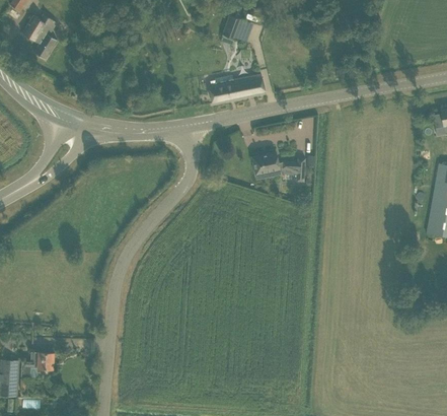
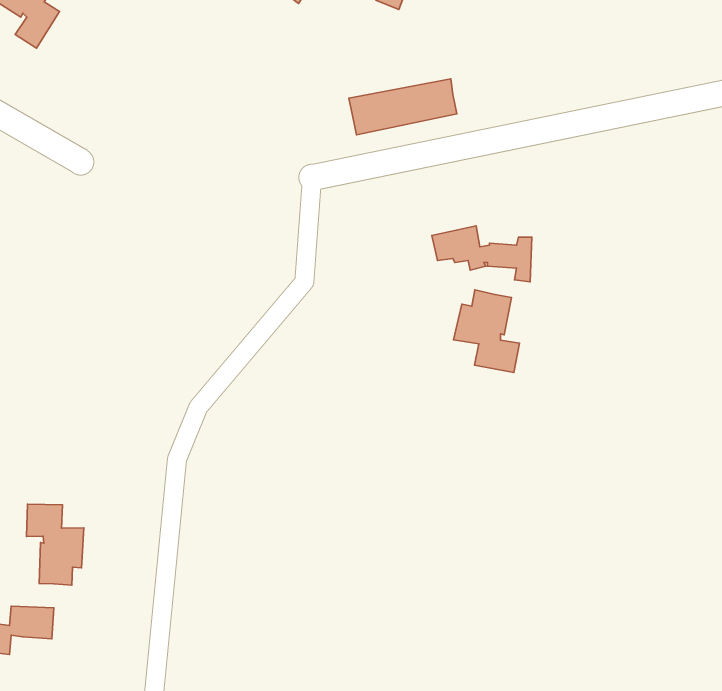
building: none -> [453,290,519,372]
building: none -> [26,504,84,585]

